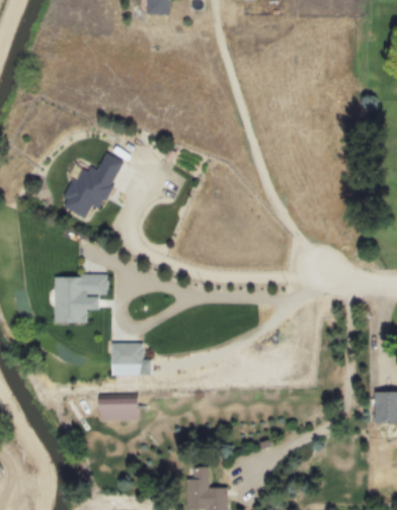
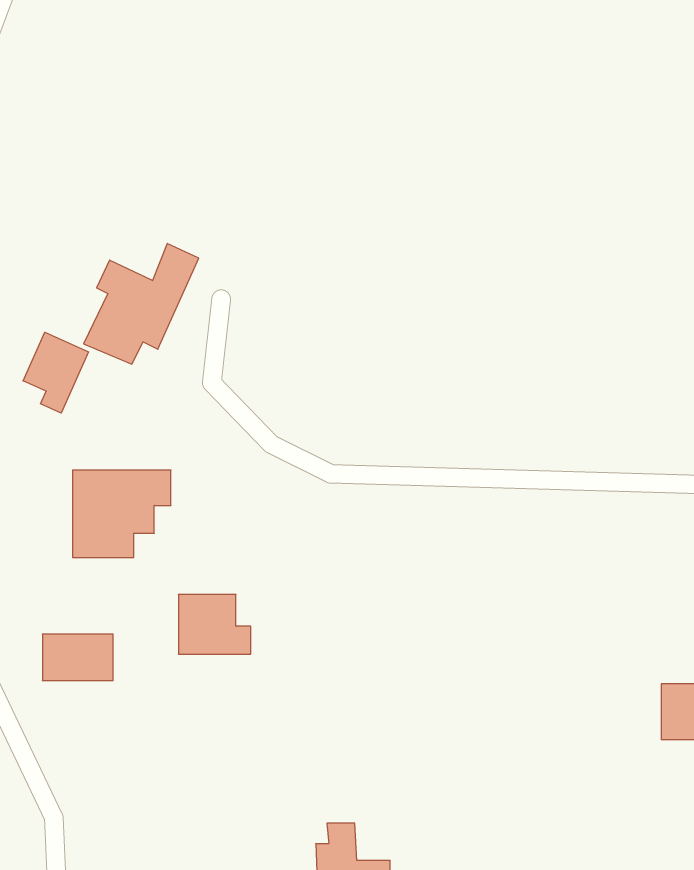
building: none -> [23,332,88,413]
building: [98,395,137,420] -> [42,634,113,681]

